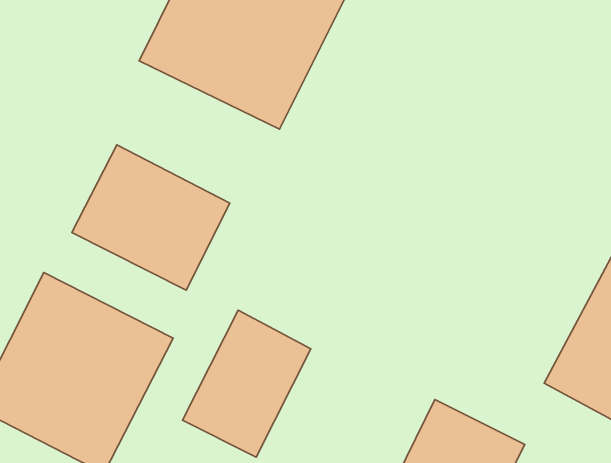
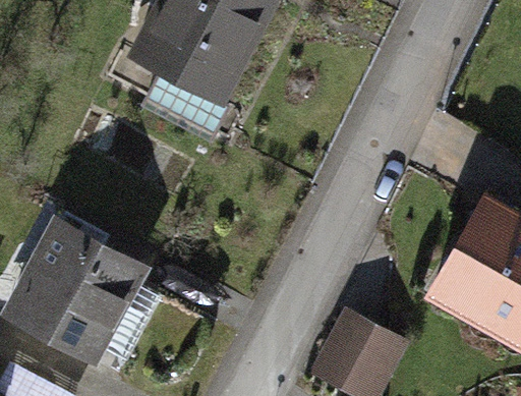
building: [72,145,230,290] -> none
building: [182,310,311,457] -> none

